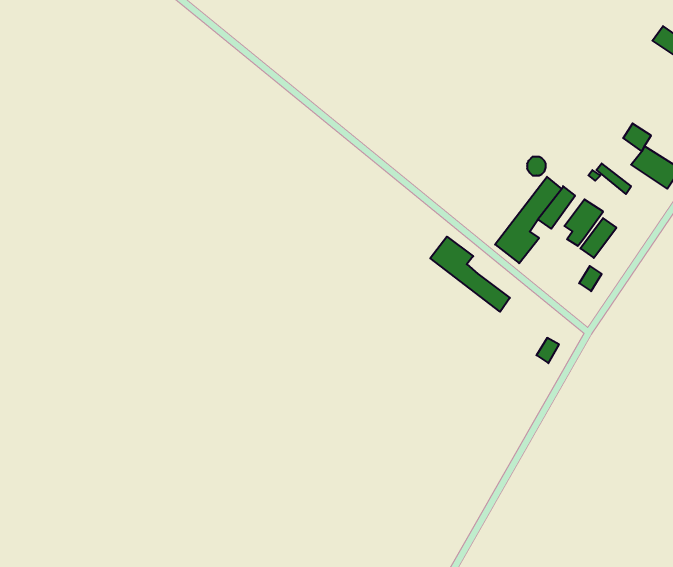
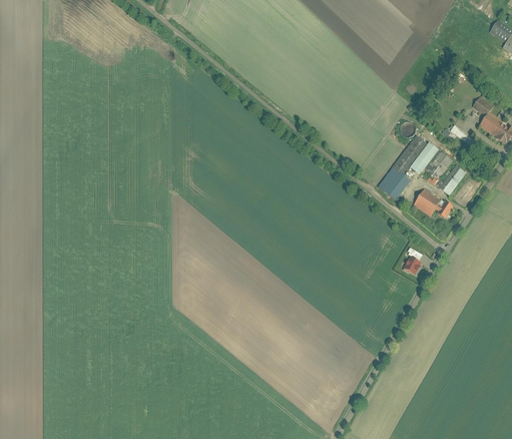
building: [430,237,510,312] -> none
building: none -> [415,189,442,216]

